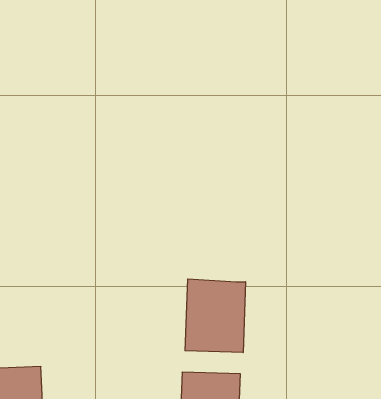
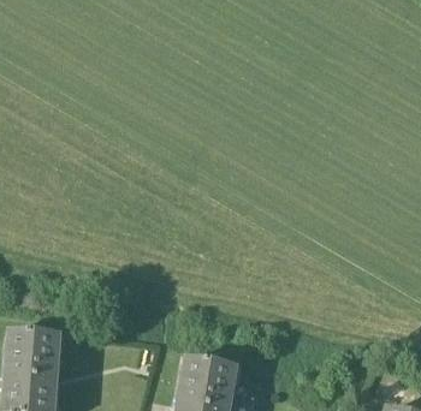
building: [185,279,246,353] -> none

